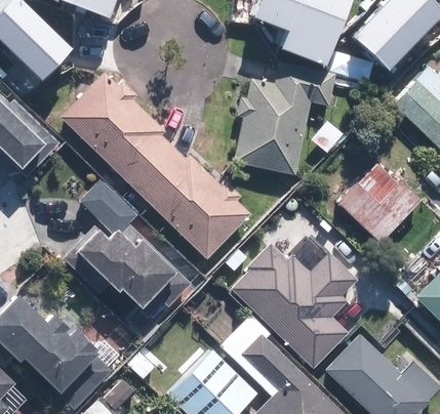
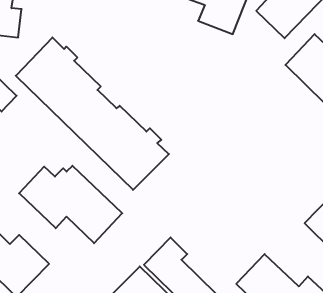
building: [230,64,331,176] -> none
building: [338,164,424,245] -> none
building: [79,179,135,235] -> none
building: [232,244,357,368] -> none

